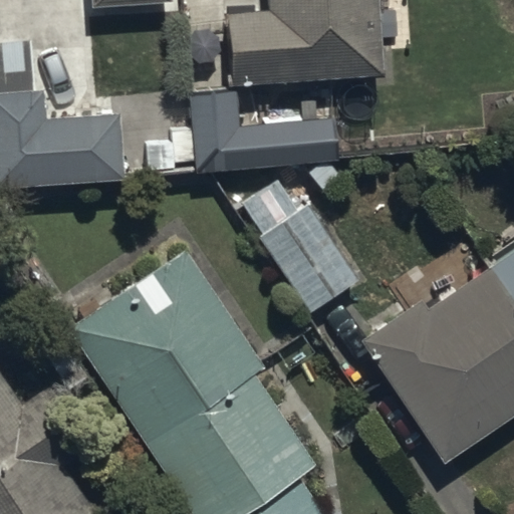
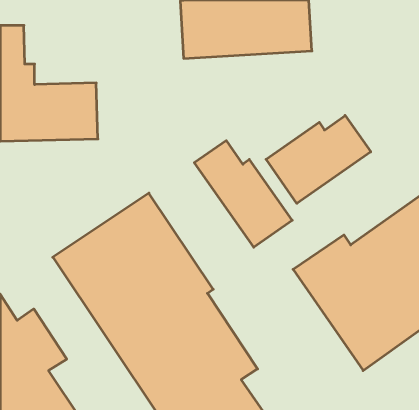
building: [191,92,338,176] -> none
building: none -> [266,115,371,203]

